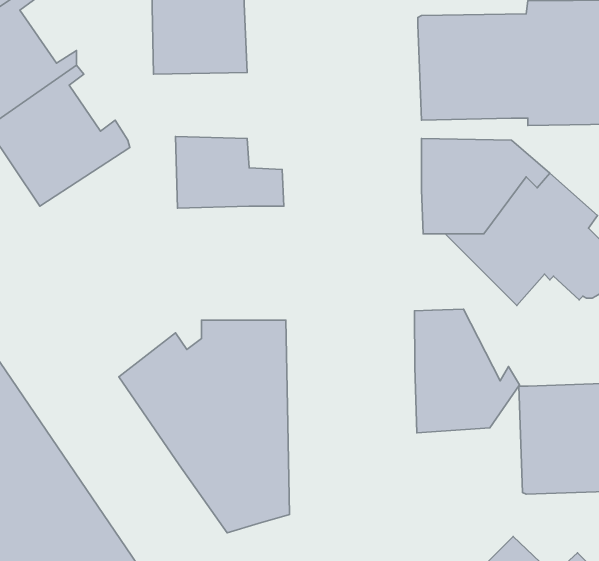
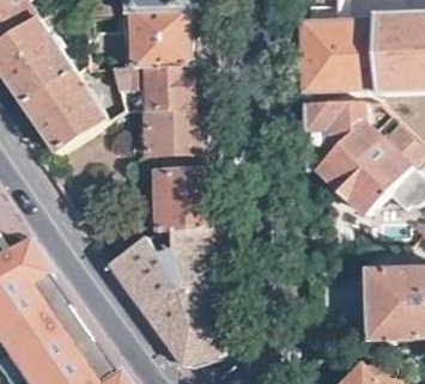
building: none -> [110,62,189,105]
building: none -> [154,150,214,224]
building: [414,309,520,433] -> none

